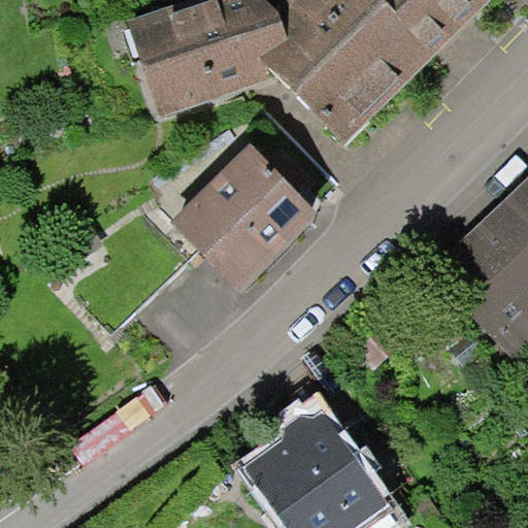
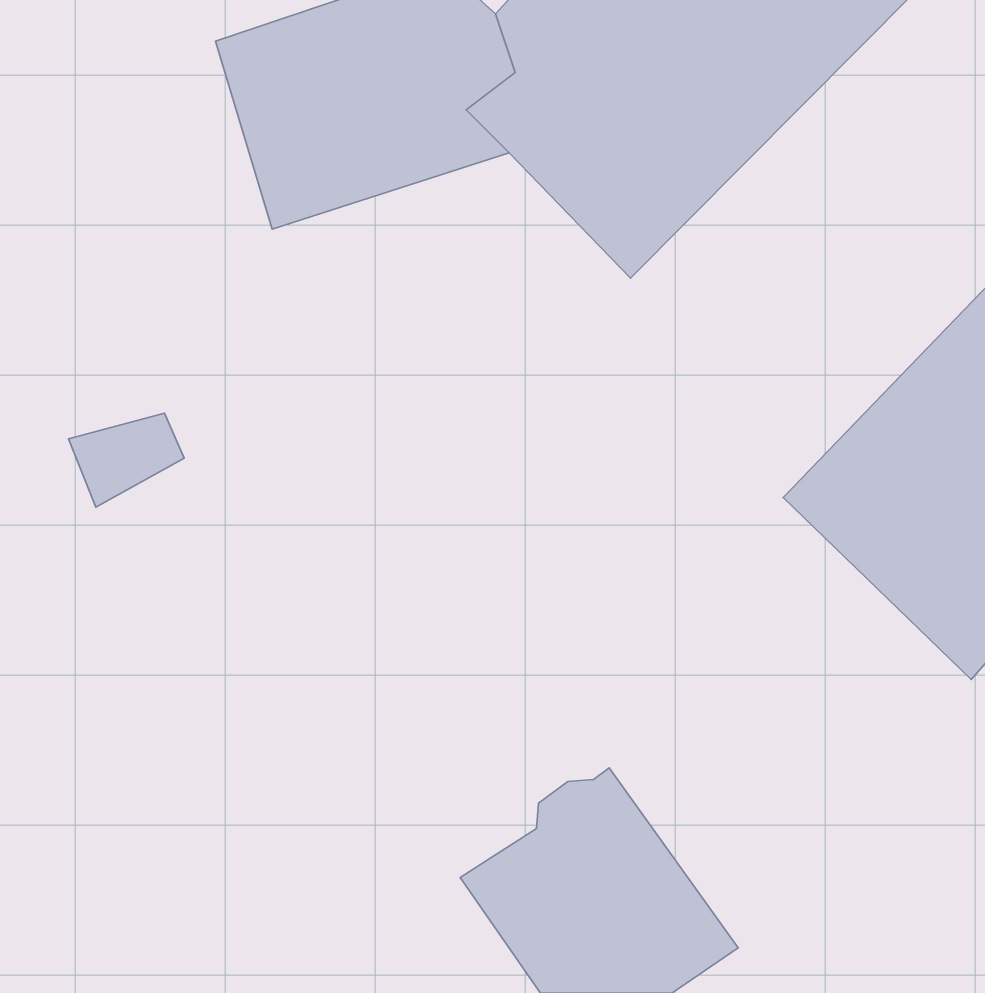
building: [173,144,320,291] -> none

